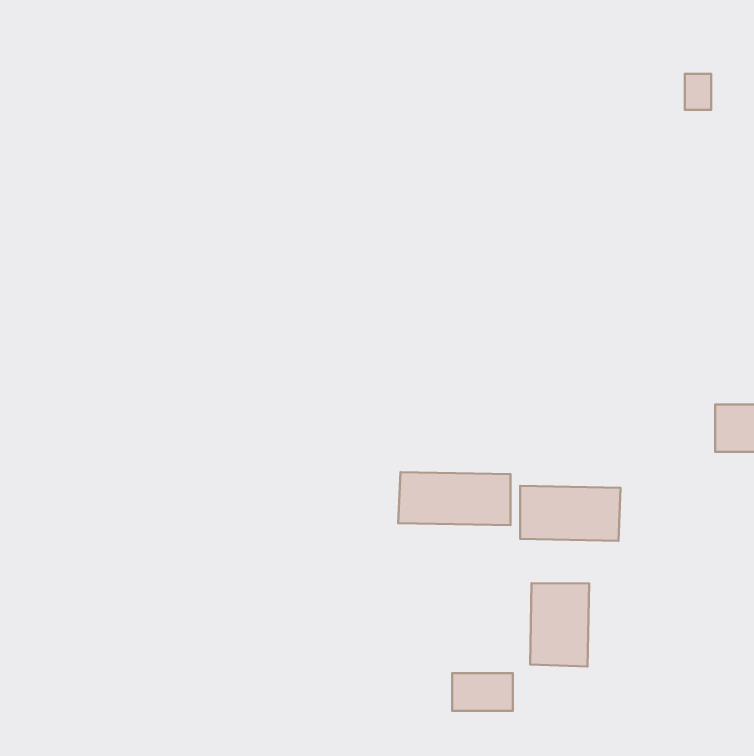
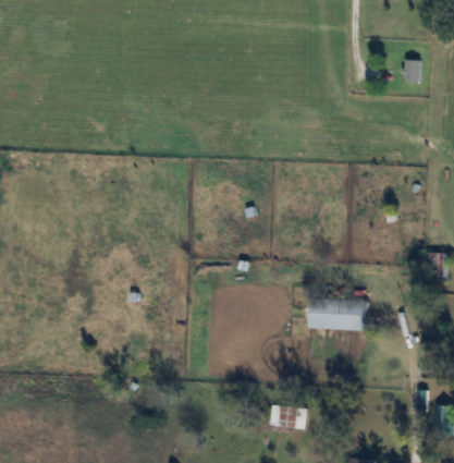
building: [398,472,511,525] -> none
building: [530,583,589,666] -> none

